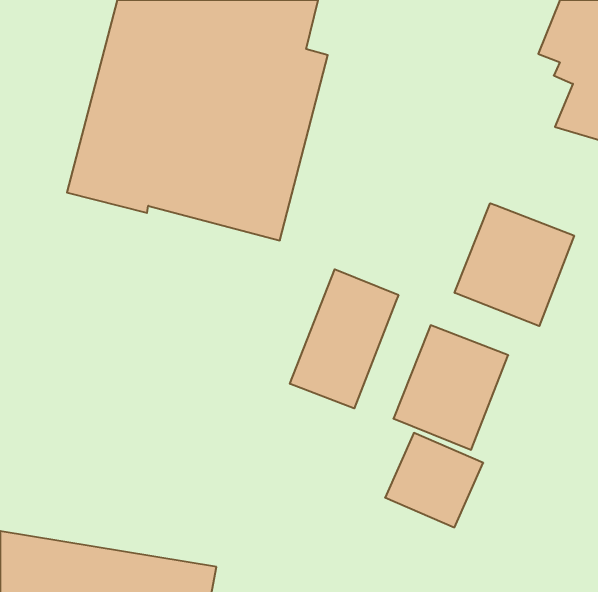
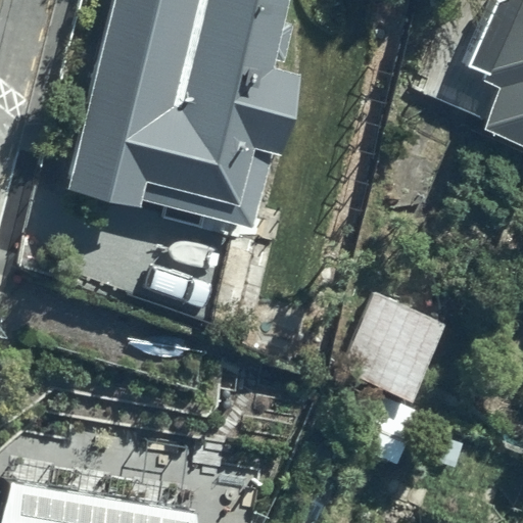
building: [455,203,574,326] -> none
building: [290,269,398,408] -> none

